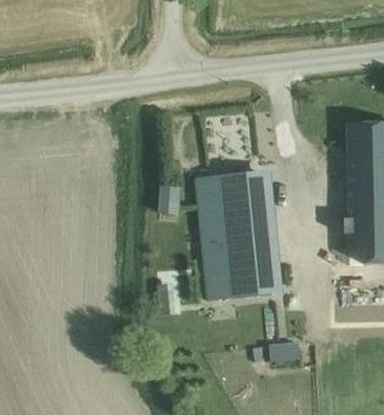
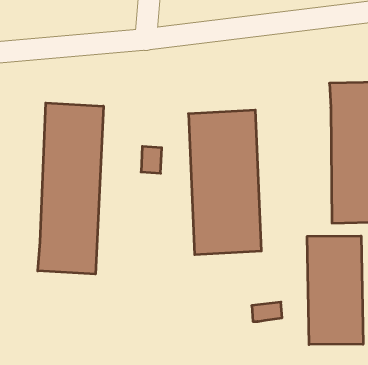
building: none -> [38,103,103,274]
building: none -> [307,236,363,345]

